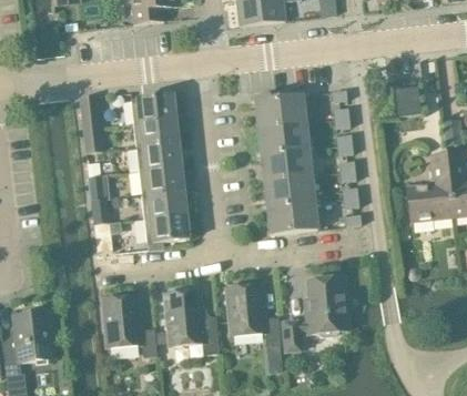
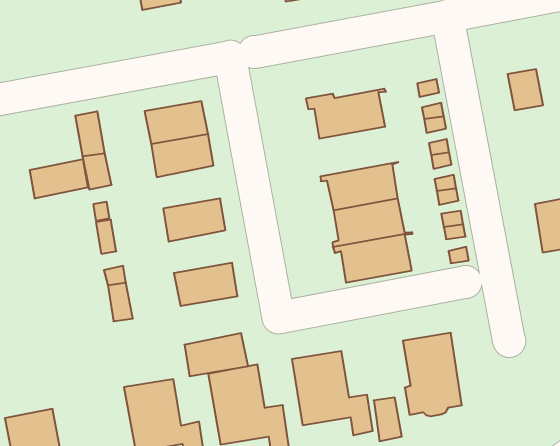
building: [254,121,313,154] -> none
building: none -> [30,159,88,199]
building: [135,141,181,170] -> none
building: [141,189,186,217] -> [184,333,248,376]

